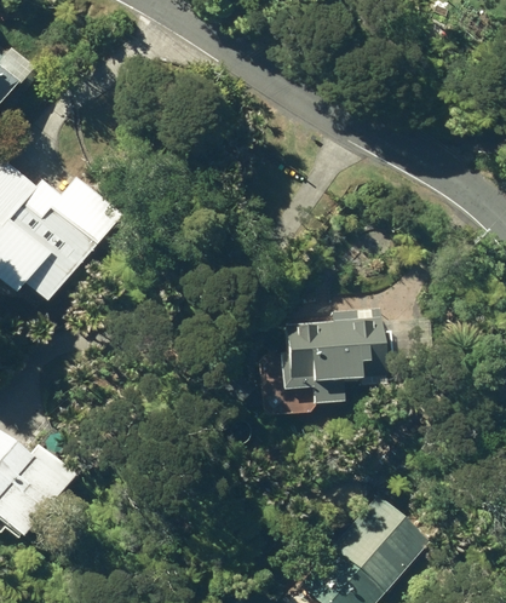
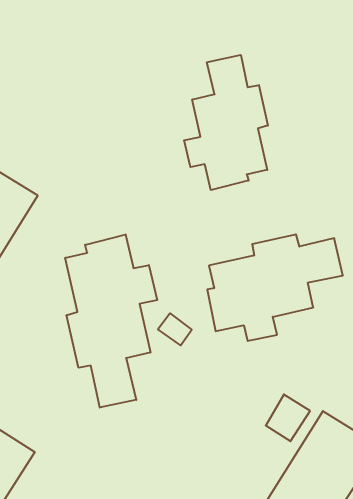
building: none -> [184,55,268,190]
building: none -> [65,234,157,408]

